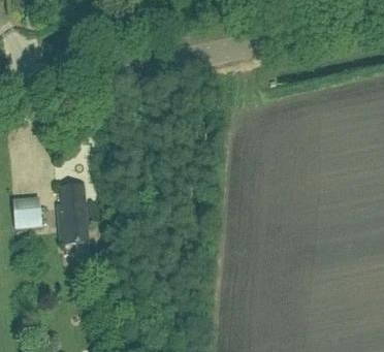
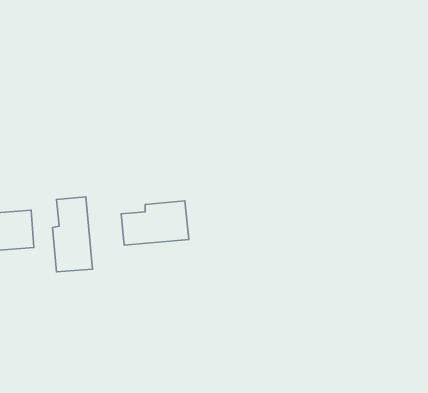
building: none -> [121,201,189,245]

